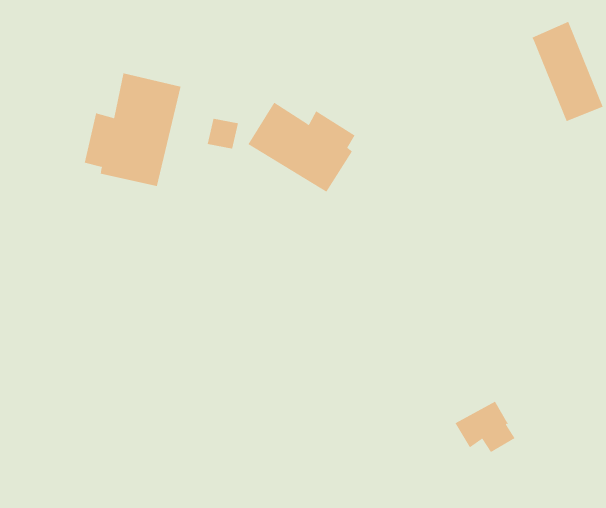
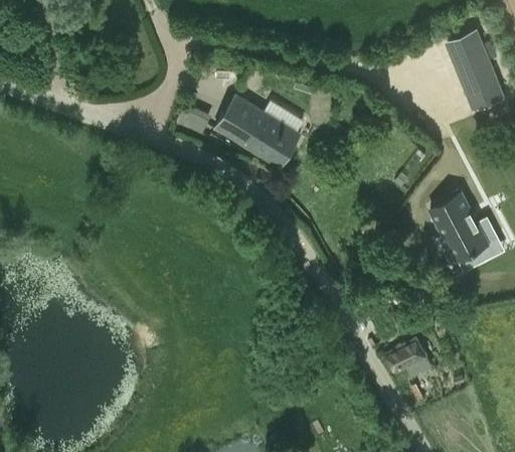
building: [84,73,181,187] -> none
building: none -> [430,193,497,261]

